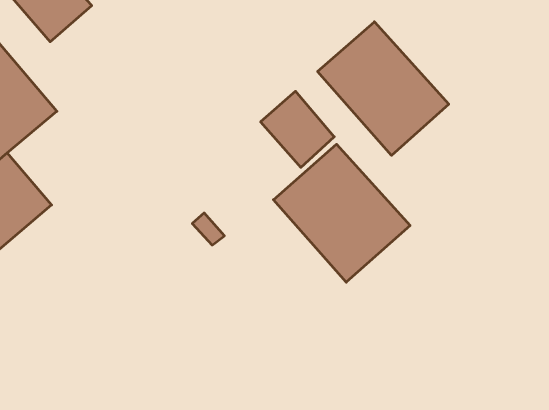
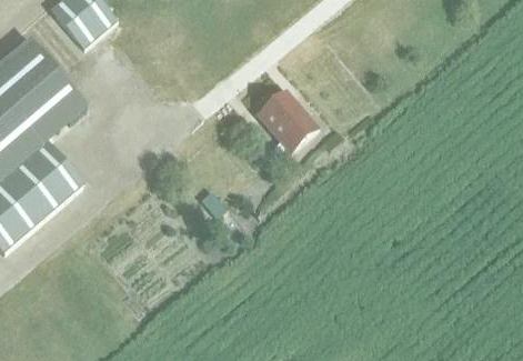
building: [318,22,449,155] -> none
building: [273,144,410,282] -> none

